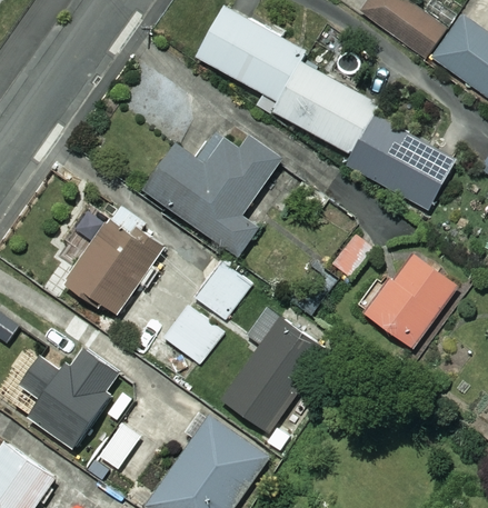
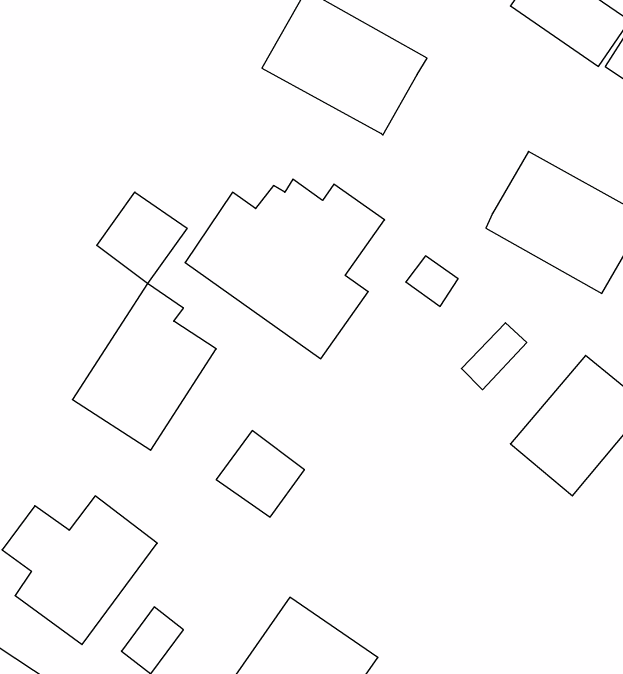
building: [272,61,380,156] -> none
building: none -> [97,192,187,284]
building: [193,259,252,319] -> none
building: [220,309,326,432] -> none

